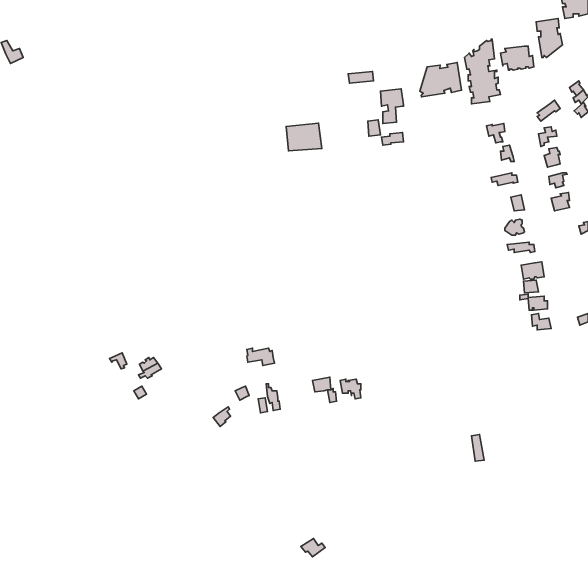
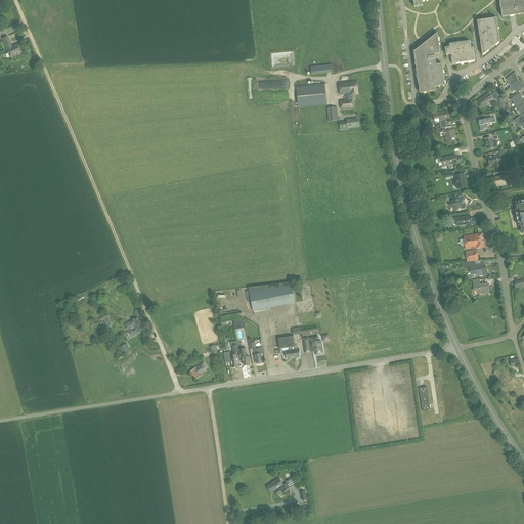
building: [420,62,462,97] -> none
building: [286,123,322,151] -> [295,82,326,106]
building: none -> [245,281,295,310]

